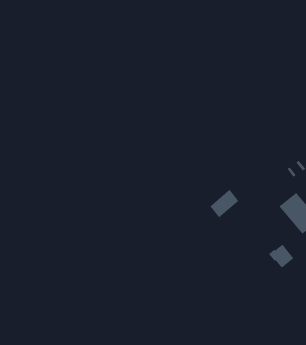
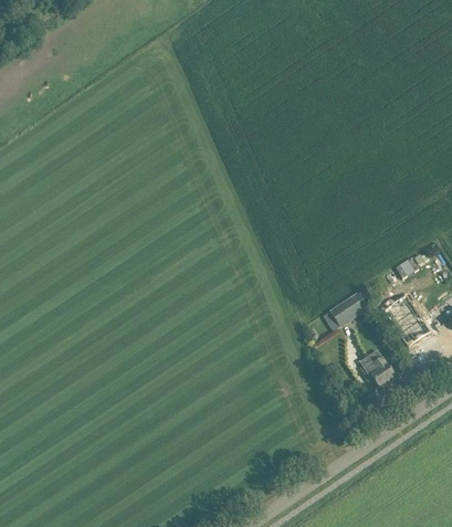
building: [210,189,239,218] -> [330,292,367,326]

